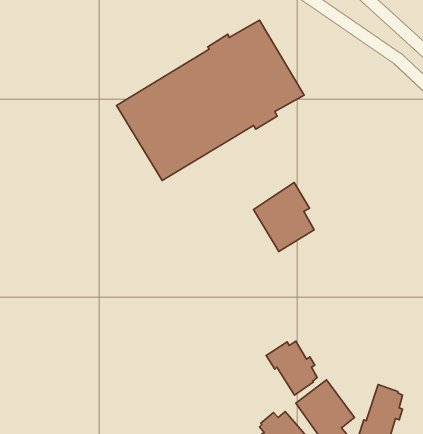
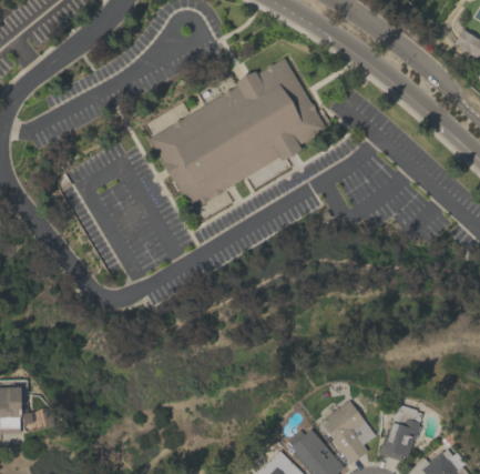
building: [253,183,314,252] -> none
building: [266,341,317,395] -> none

